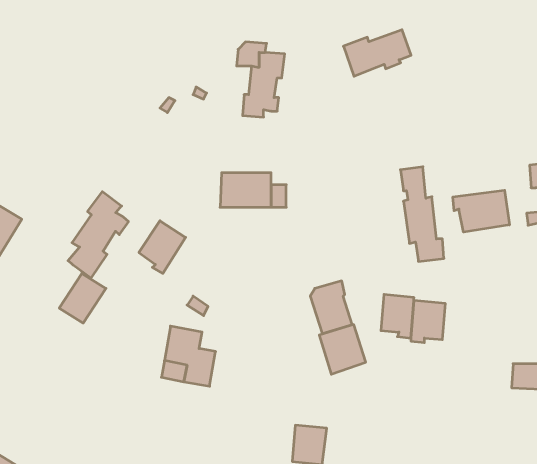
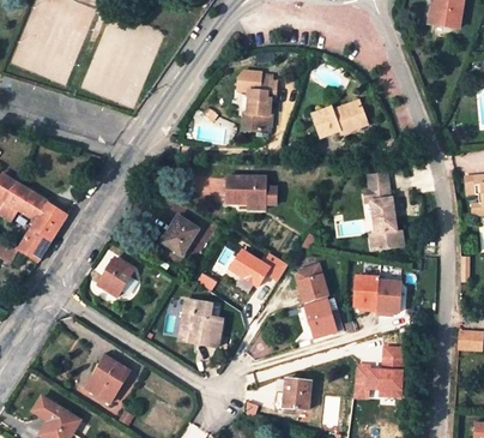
building: [343,30,411,76] -> [315,101,369,138]
building: [453,190,509,232] -> none
building: [68,192,128,278] -> none
building: none -> [230,250,288,283]
building: none -> [355,346,401,397]
building: none -> [89,356,129,402]

